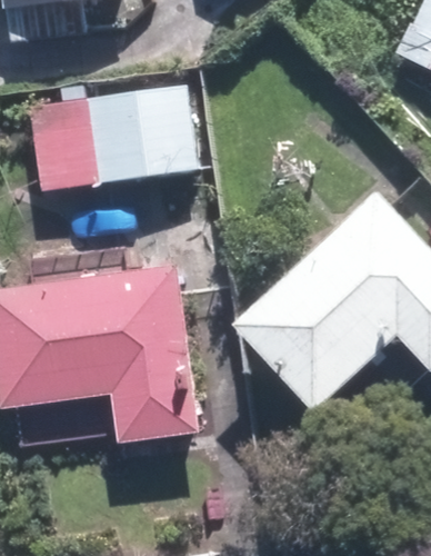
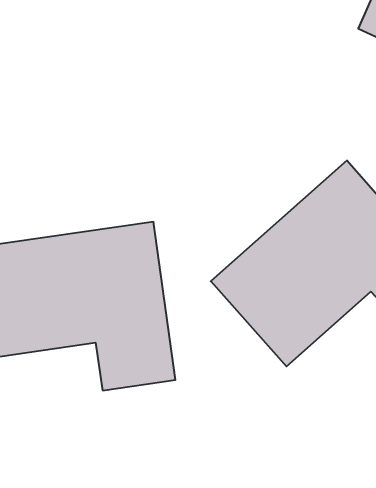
building: [27,85,198,190] -> none

